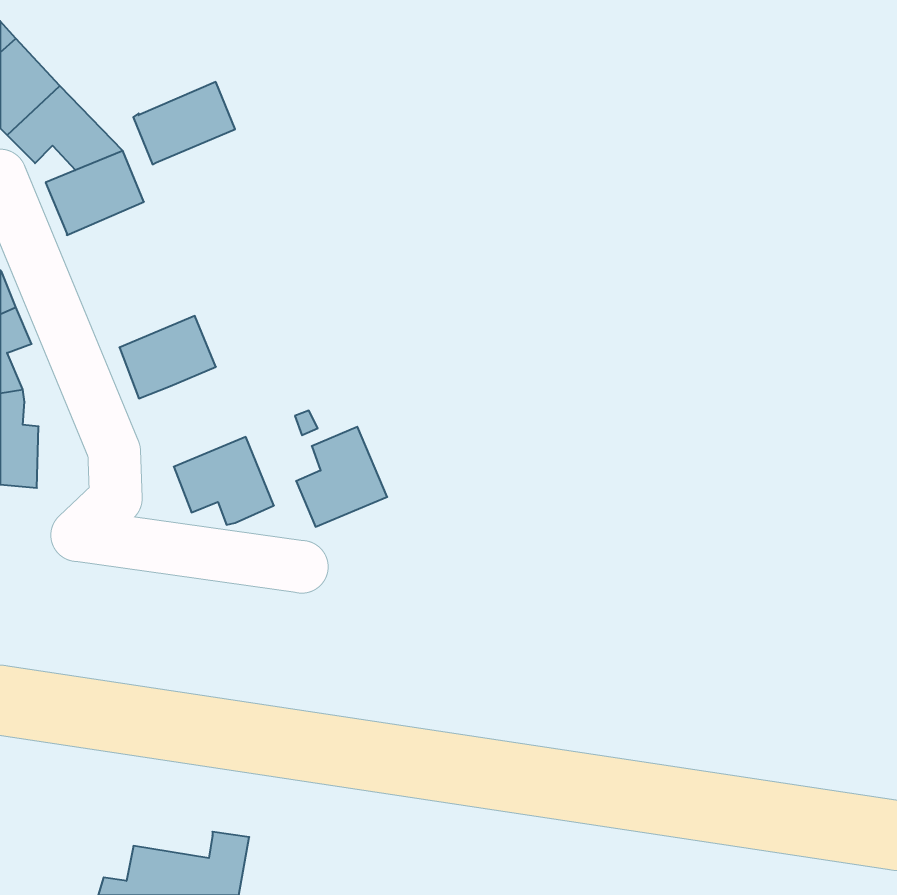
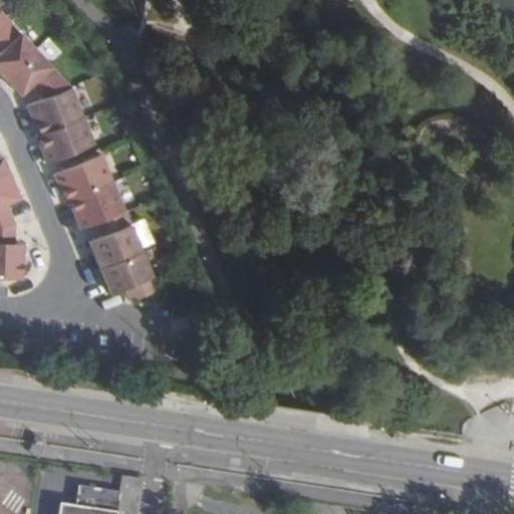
building: [133,82,235,164] -> [35,115,93,163]
building: none -> [53,154,111,201]
building: [296,427,387,527] -> [88,210,141,267]

